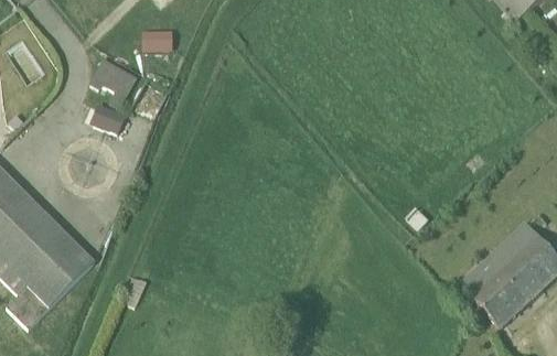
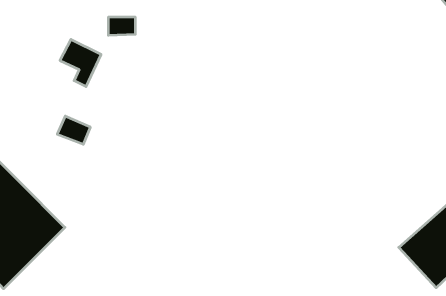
building: [88,103,125,133] -> [57,116,90,144]

